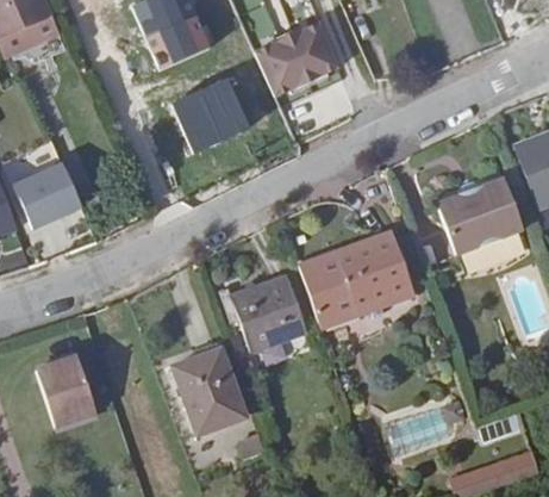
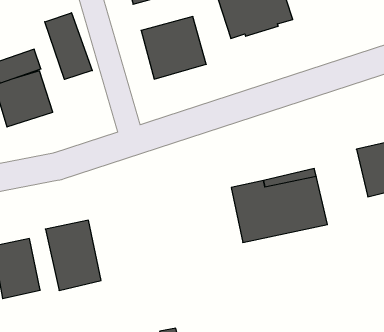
building: none -> [45,13,92,79]
building: [222,274,308,352] -> none
building: [174,349,245,434] -> [45,220,101,290]

